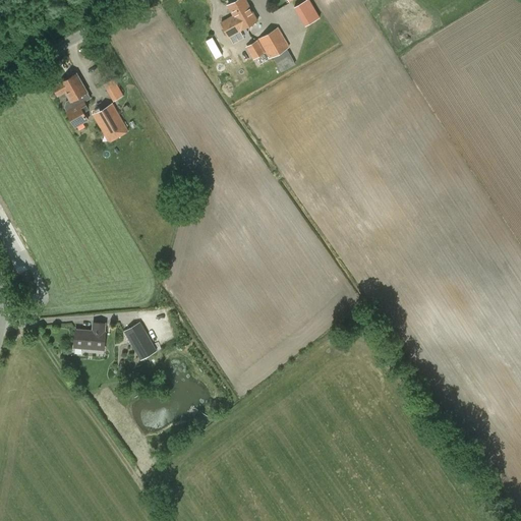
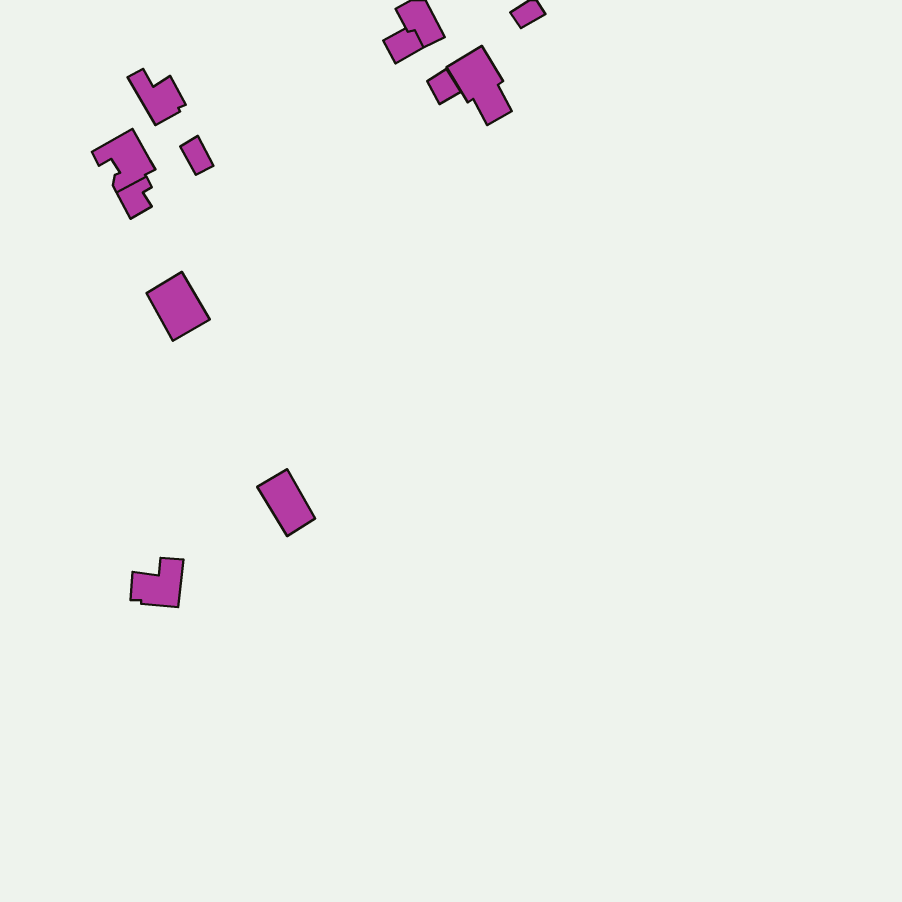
building: none -> [128,69,186,125]
building: [93,103,129,142] -> [146,272,210,341]
building: [123,322,157,360] -> [257,469,315,536]

